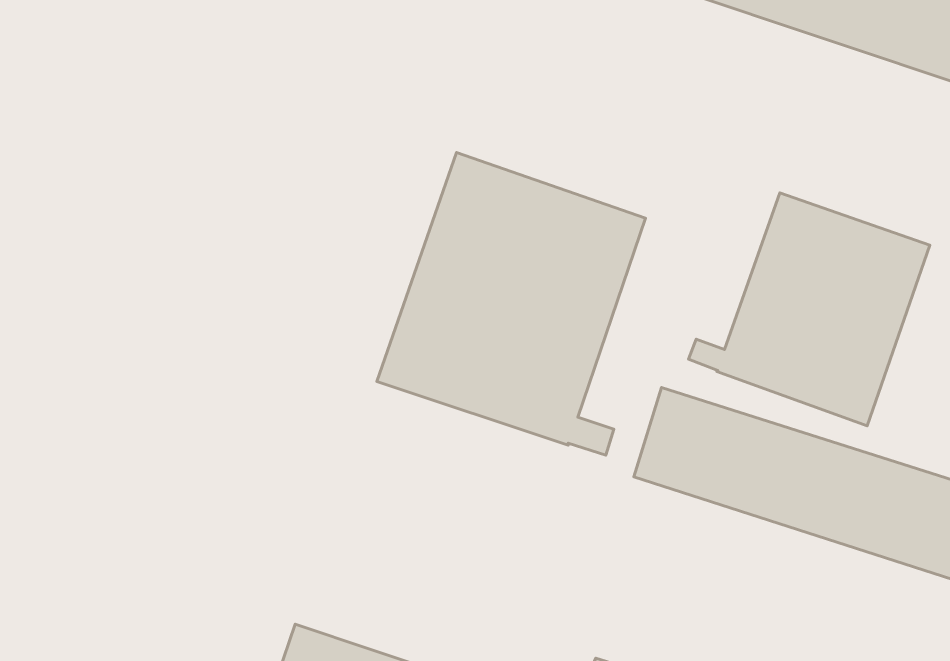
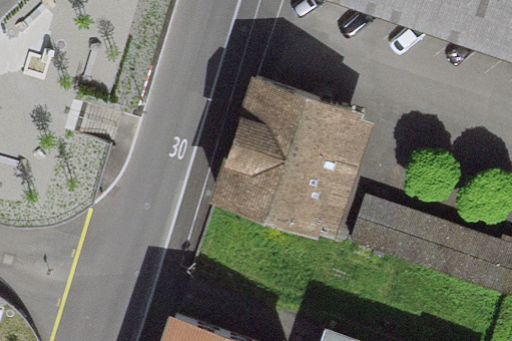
building: [688,193,930,426] -> none

